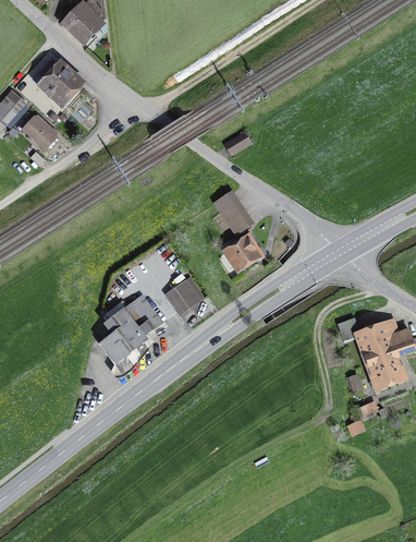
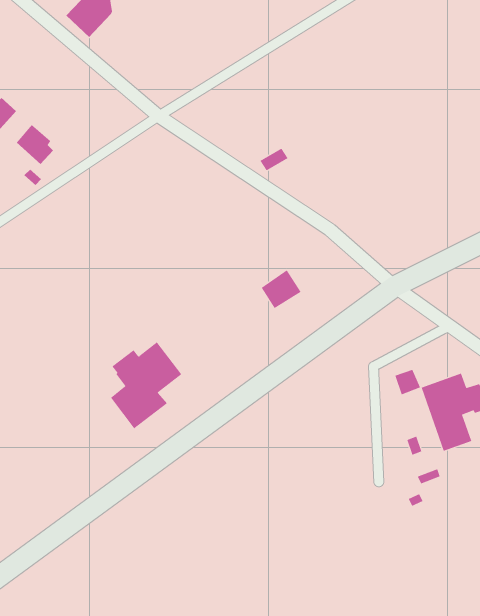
building: [39,60,78,103] -> none
building: [220,202,249,233] -> none
building: [164,278,203,314] -> none

